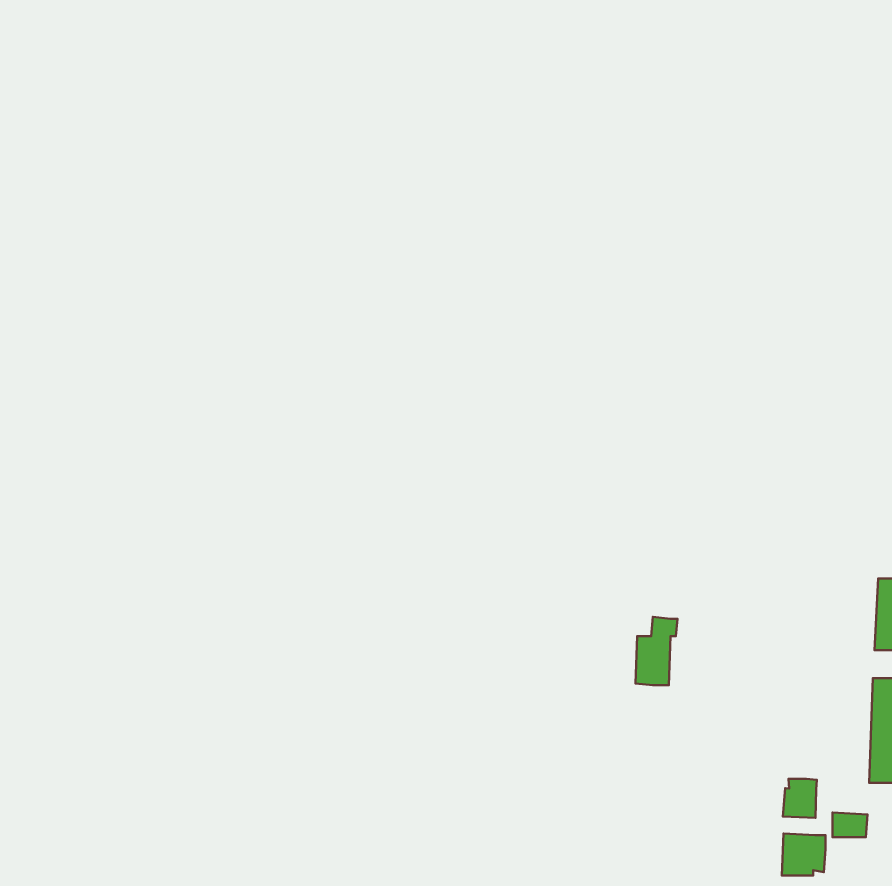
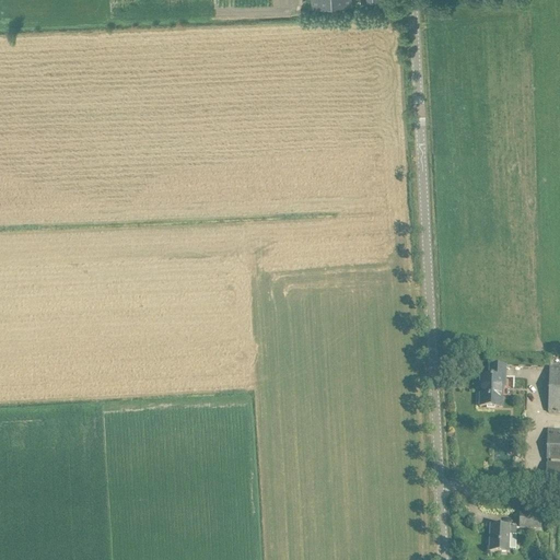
building: [636,617,677,685] -> [480,361,506,404]
building: [783,779,817,818] -> none

